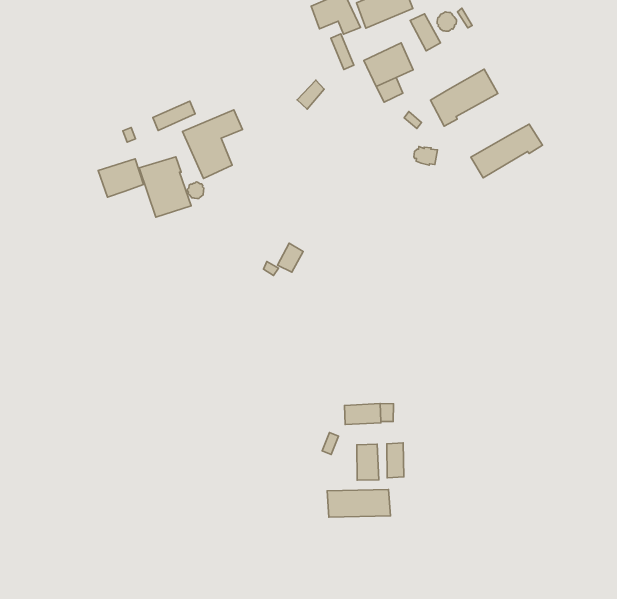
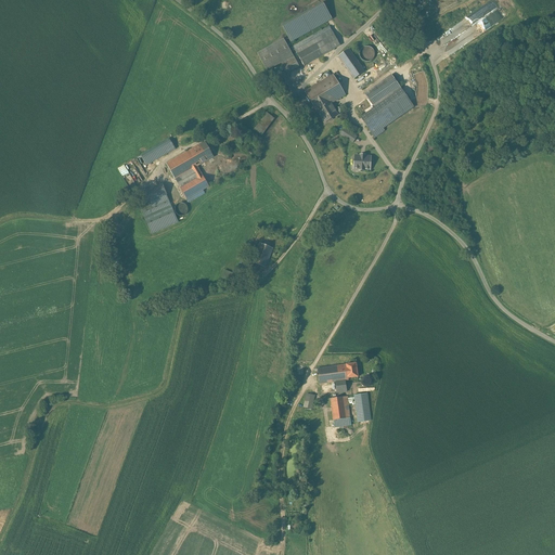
building: none -> [364,73,401,106]
building: [471,124,543,178] -> none
building: [98,159,143,197] -> none
building: [327,490,390,517] -> none

